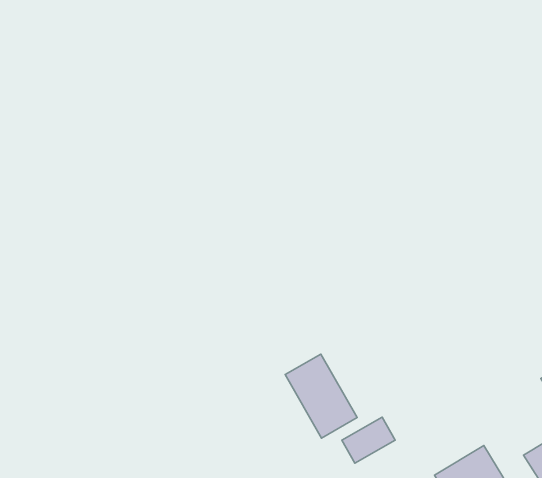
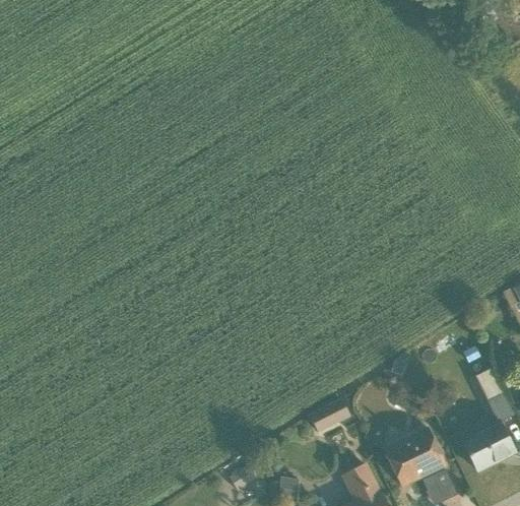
building: [285,354,357,438] -> none

